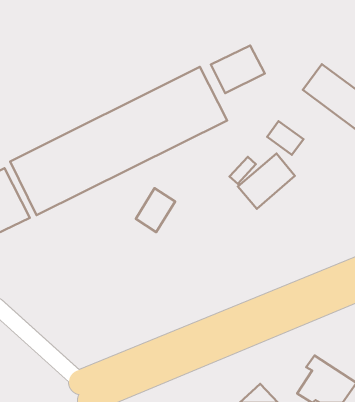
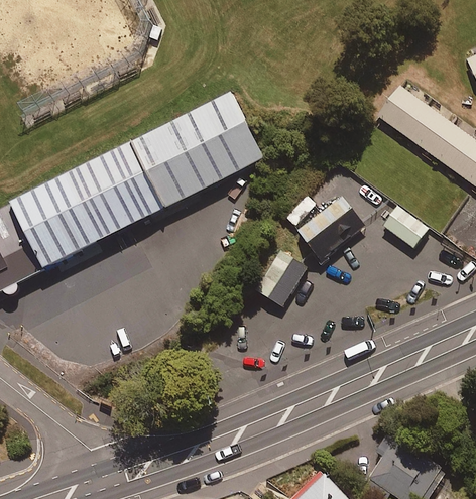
building: [211,46,265,93] -> none
building: [267,121,303,155] -> [380,202,425,243]
building: [136,188,175,232] -> [254,248,303,301]

